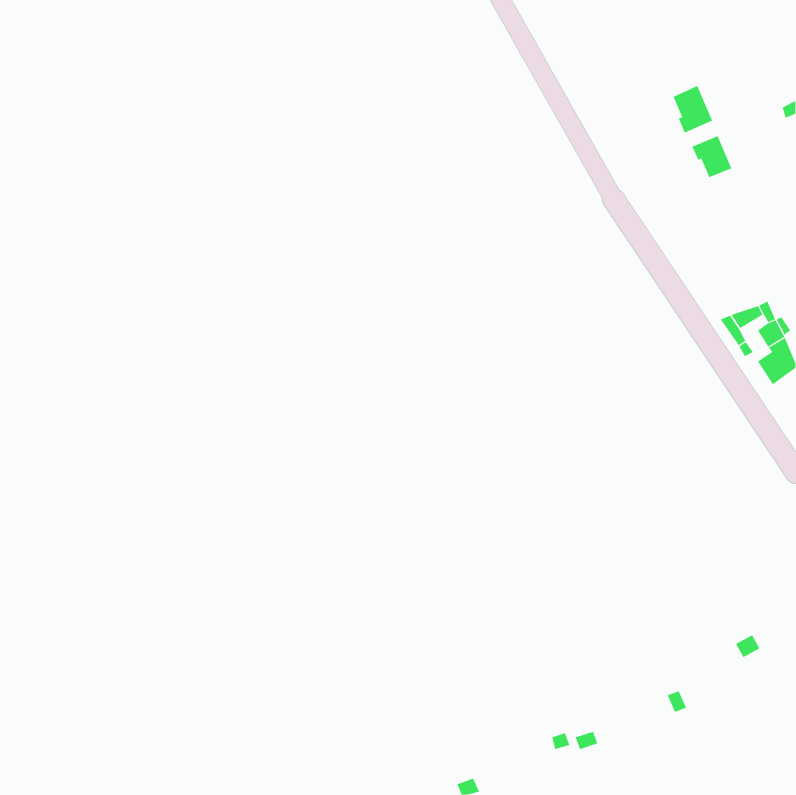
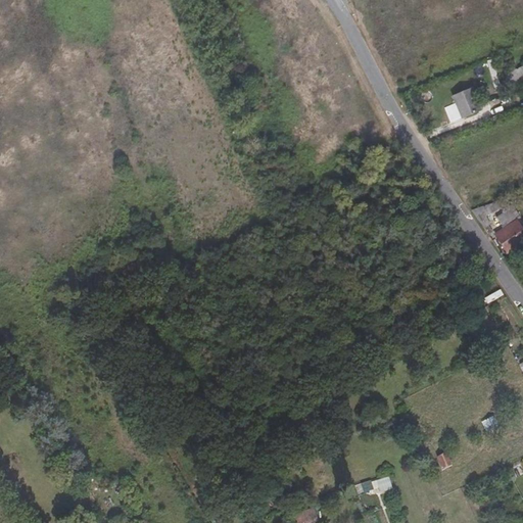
building: [673,85,713,134] -> none

